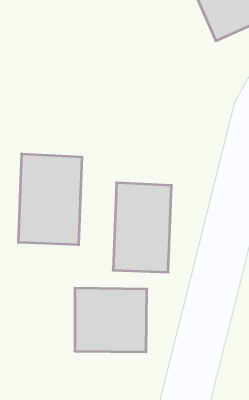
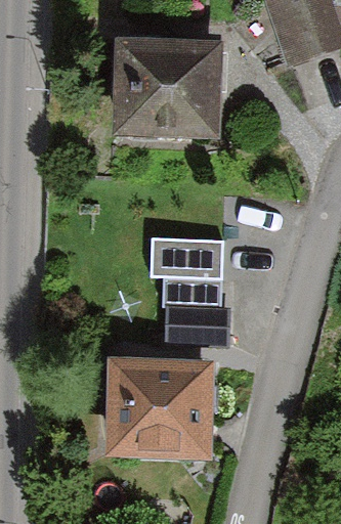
building: none -> [114,38,209,138]
building: [18,154,82,245] -> none

